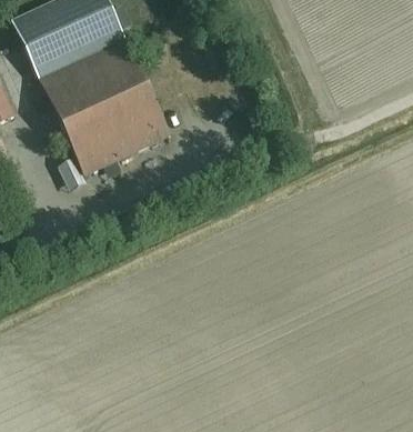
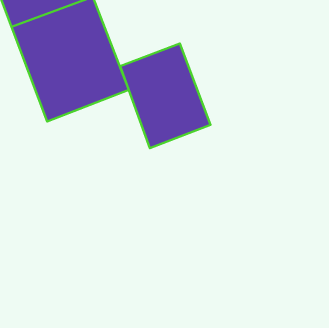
building: none -> [120,44,210,148]

